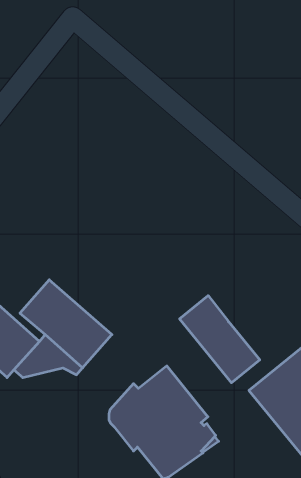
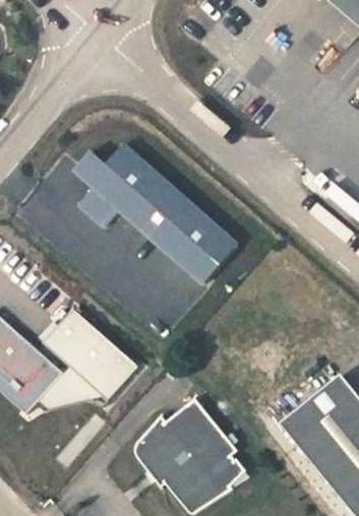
building: none -> [76,143,236,283]
building: [180,296,260,383] -> none

